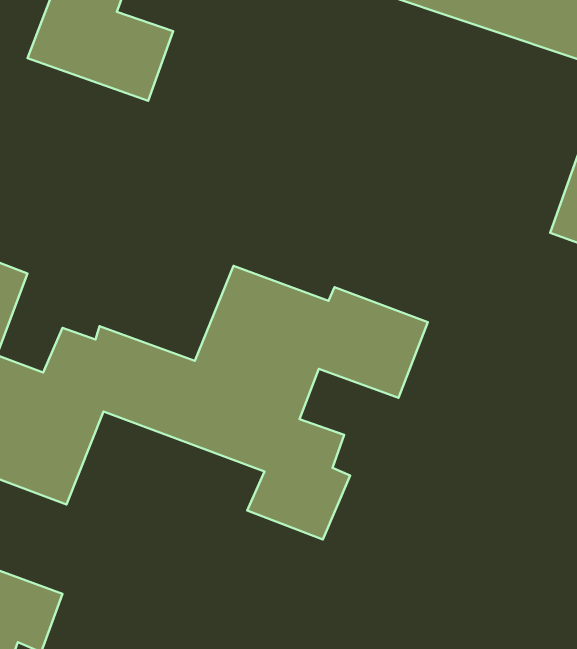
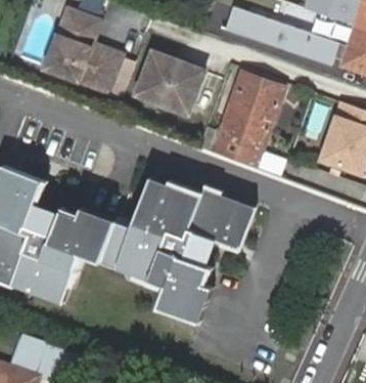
building: none -> [135,50,202,112]
building: none -> [211,72,284,170]

